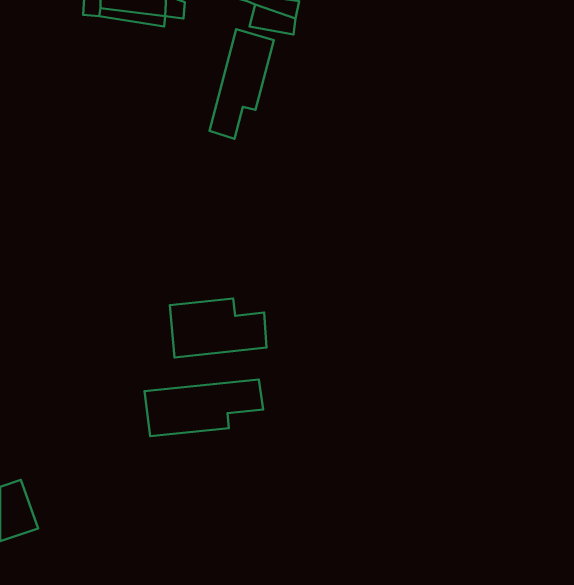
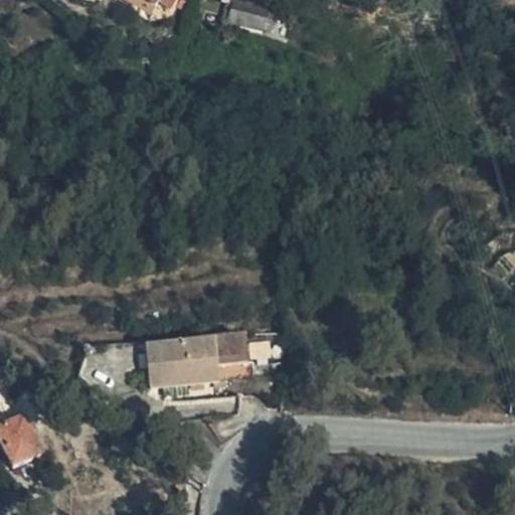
building: [210,29,274,139] -> none
building: [170,299,266,357] -> none

